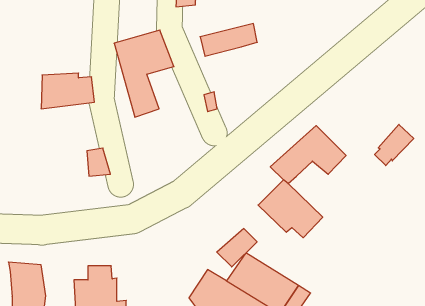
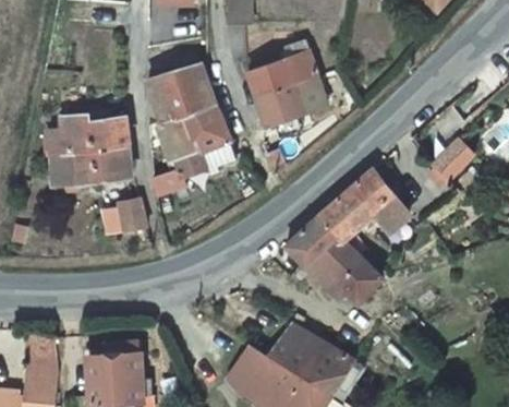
building: none -> [247,81,323,135]
building: none -> [142,104,232,193]
building: none -> [57,145,122,184]
building: [375,124,414,166] -> [432,139,477,187]
building: [217,229,257,267] -> [292,220,339,265]

